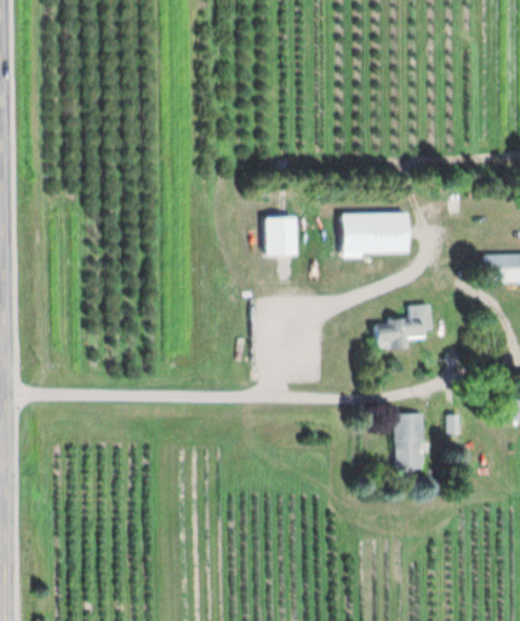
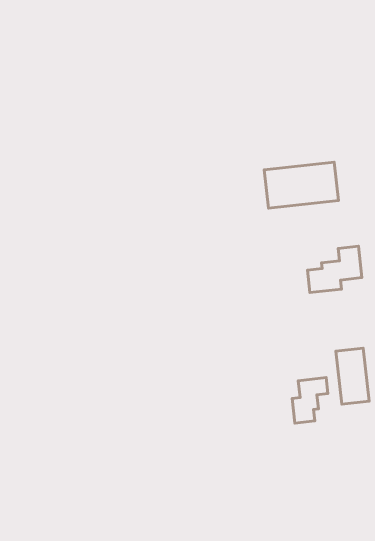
building: [264,217,297,257] -> none
building: none -> [292,378,328,423]

